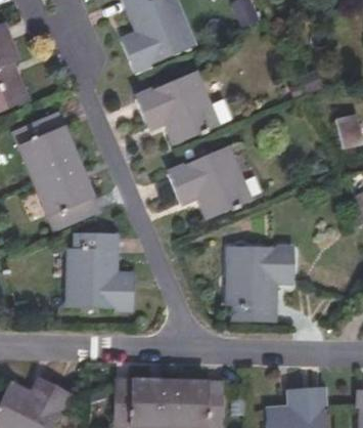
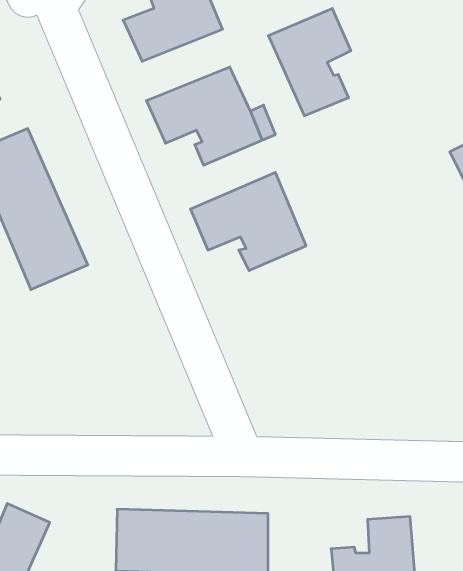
building: none -> [268,8,351,116]
building: [70,233,132,305] -> none
building: [229,244,290,316] -> none

